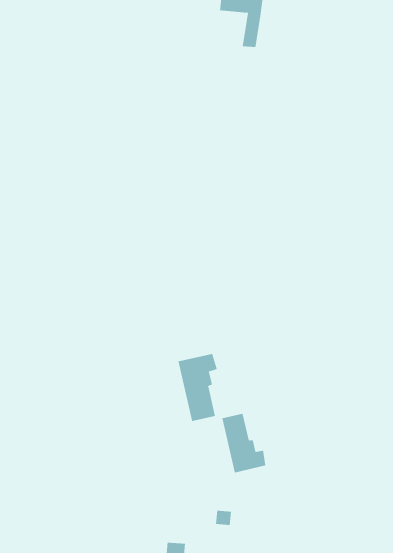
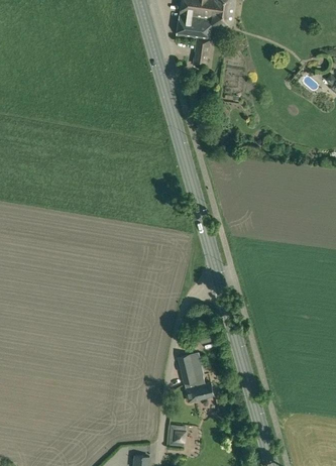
building: [178,353,217,422] -> none

